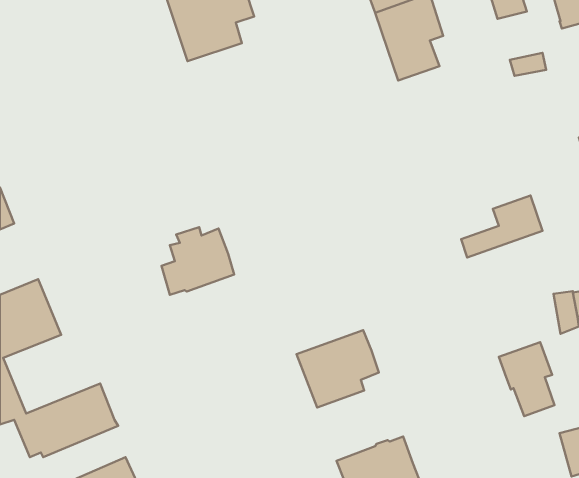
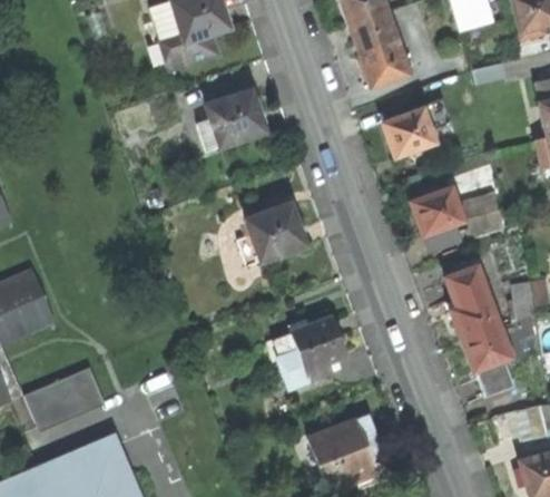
building: none -> [202,89,269,149]
building: none -> [380,108,431,156]
building: none -> [409,187,460,235]
building: [162,227,234,295] -> [242,203,308,265]
building: none -> [442,265,498,341]

